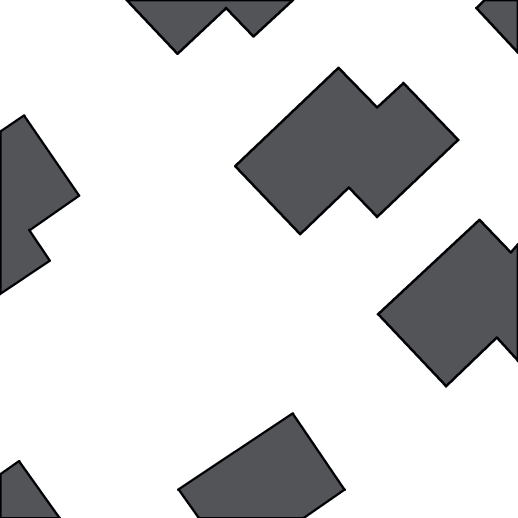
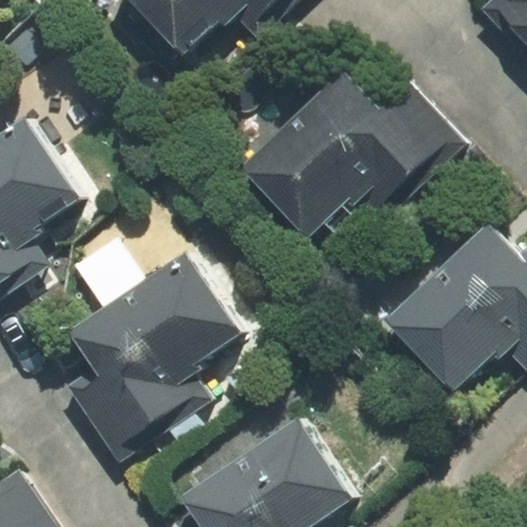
building: none -> [68,250,242,460]

